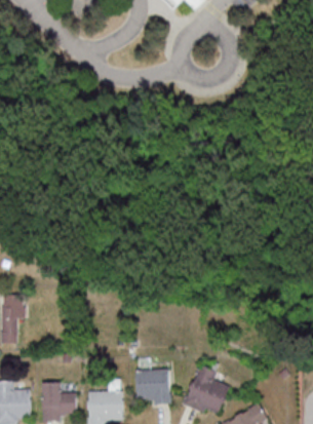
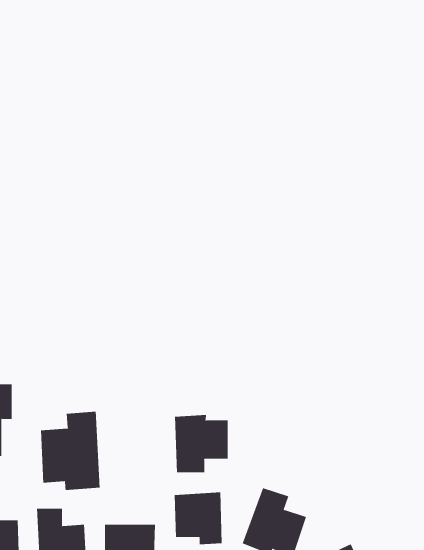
building: none -> [41,411,100,491]
building: none -> [175,414,228,473]

